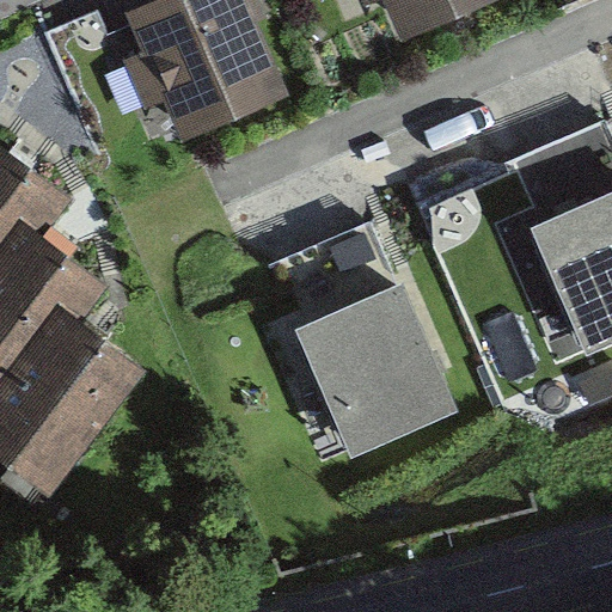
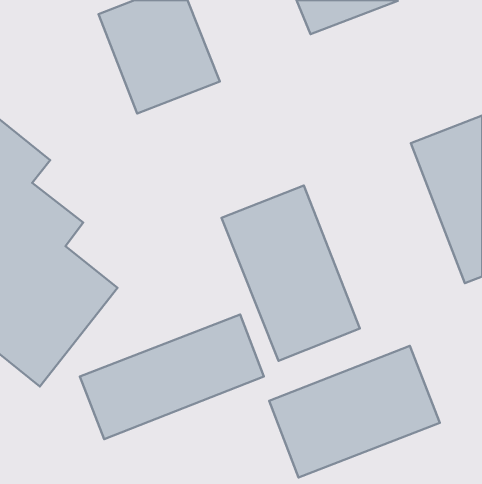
building: none -> [80,315,264,439]
building: none -> [269,346,440,477]

